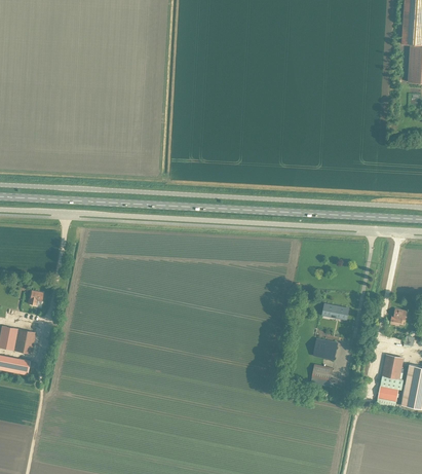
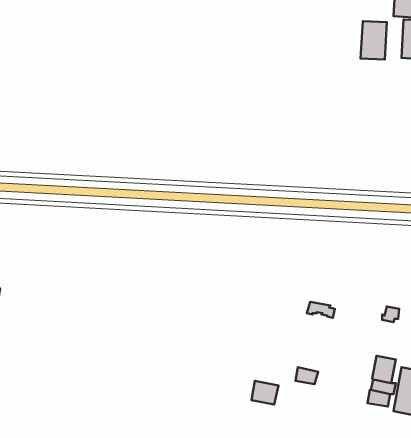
building: none -> [361,21,387,59]
building: [313,339,338,361] -> [252,381,279,405]

